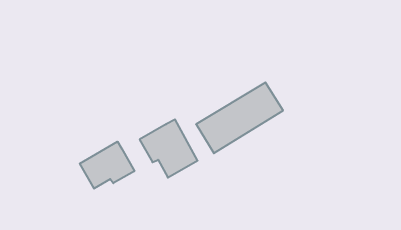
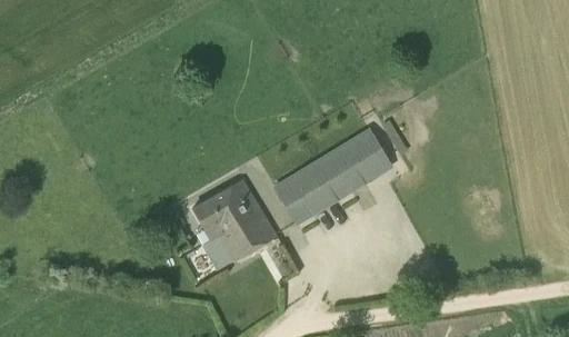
building: [80,142,134,189] -> none

